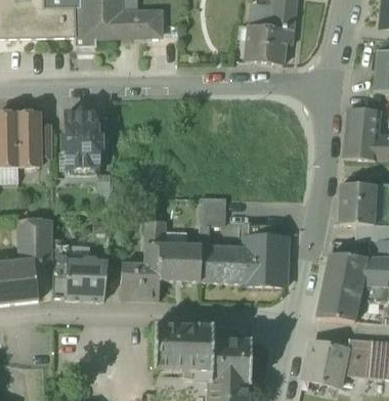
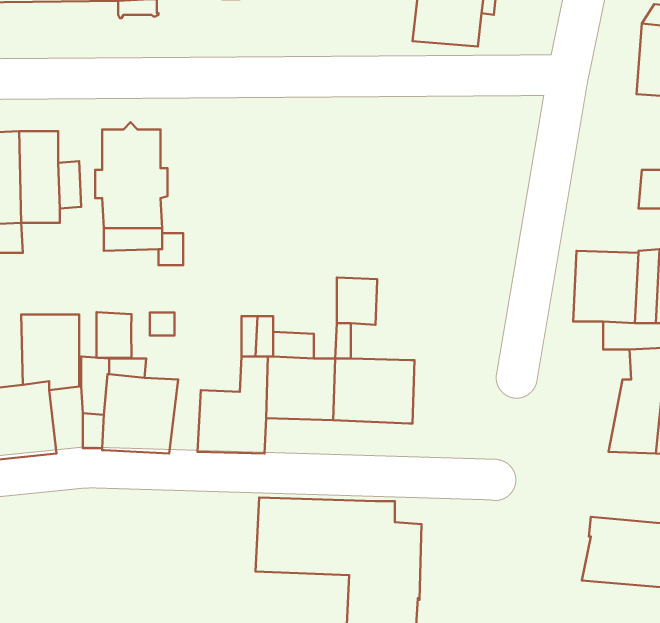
building: [343,107,380,159] -> none
building: none -> [97,312,132,358]
building: [243,223,288,285] -> none
building: [315,253,366,319] -> none
building: [303,341,348,385] -> none

